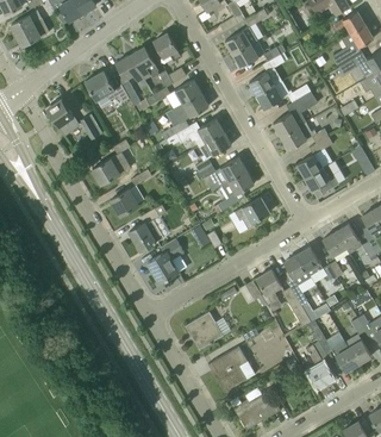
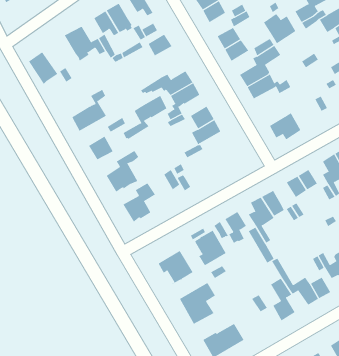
building: none -> [263,13,296,44]
building: [161,93,208,141] -> [123,95,167,140]
building: [296,137,332,179] -> none
building: [235,196,270,230] -> none
building: none -> [191,230,227,266]

